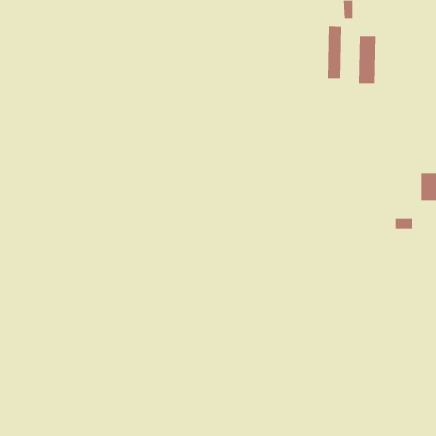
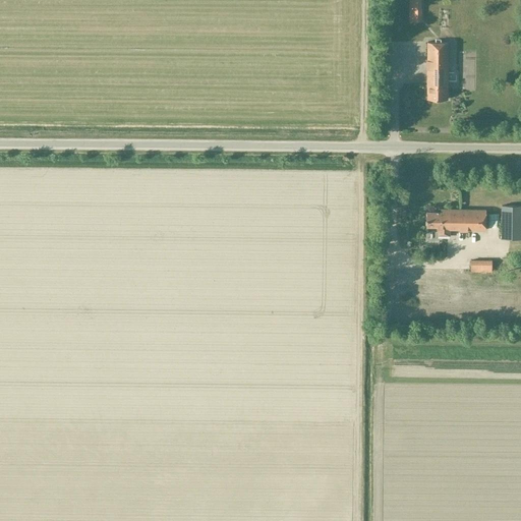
building: [327,26,342,79] -> none
building: none -> [426,211,486,231]

